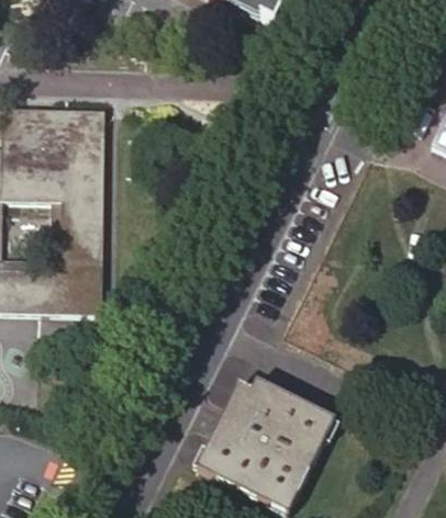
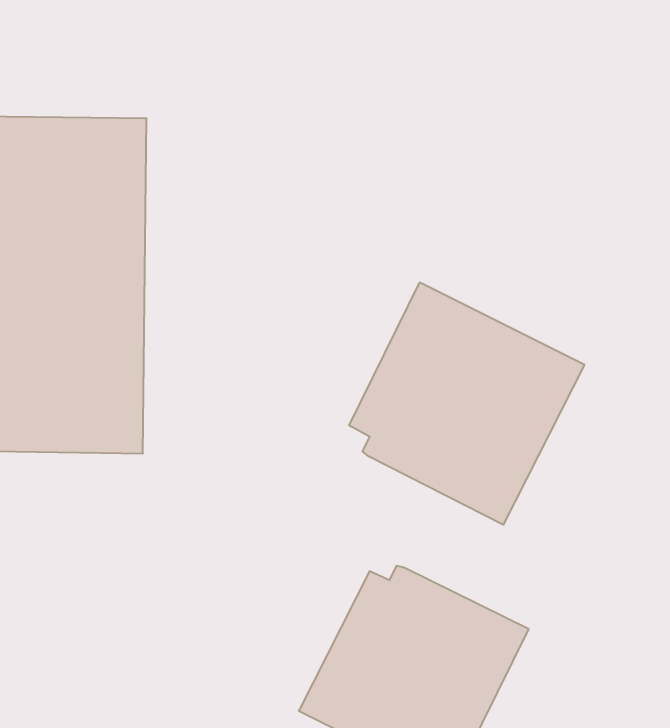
building: none -> [349,282,584,525]

